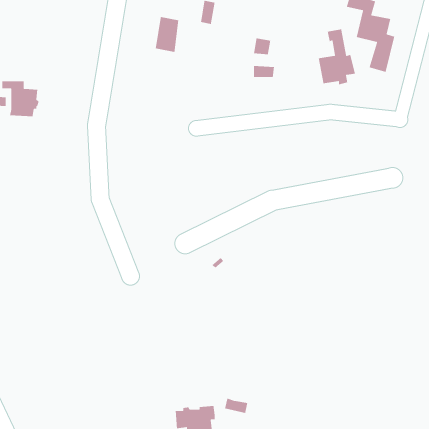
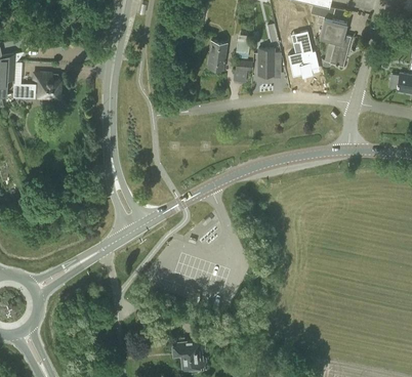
building: [155,16,179,53] -> [207,40,226,70]
building: none -> [258,48,281,75]

